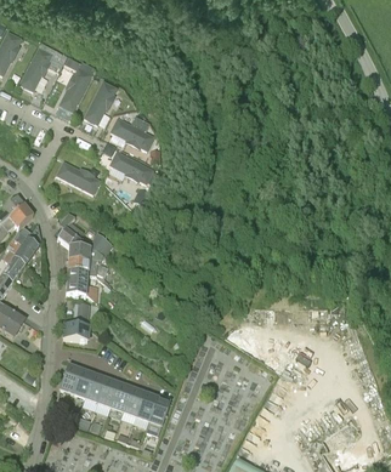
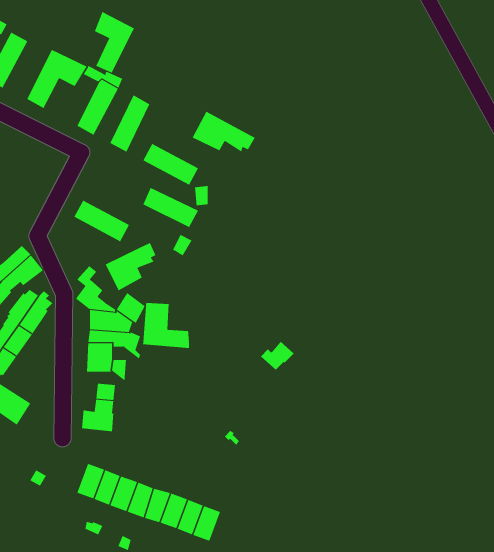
building: none -> [94,11,135,74]
building: none -> [192,111,256,153]
building: none -> [105,242,156,291]
building: none -> [143,302,190,349]

